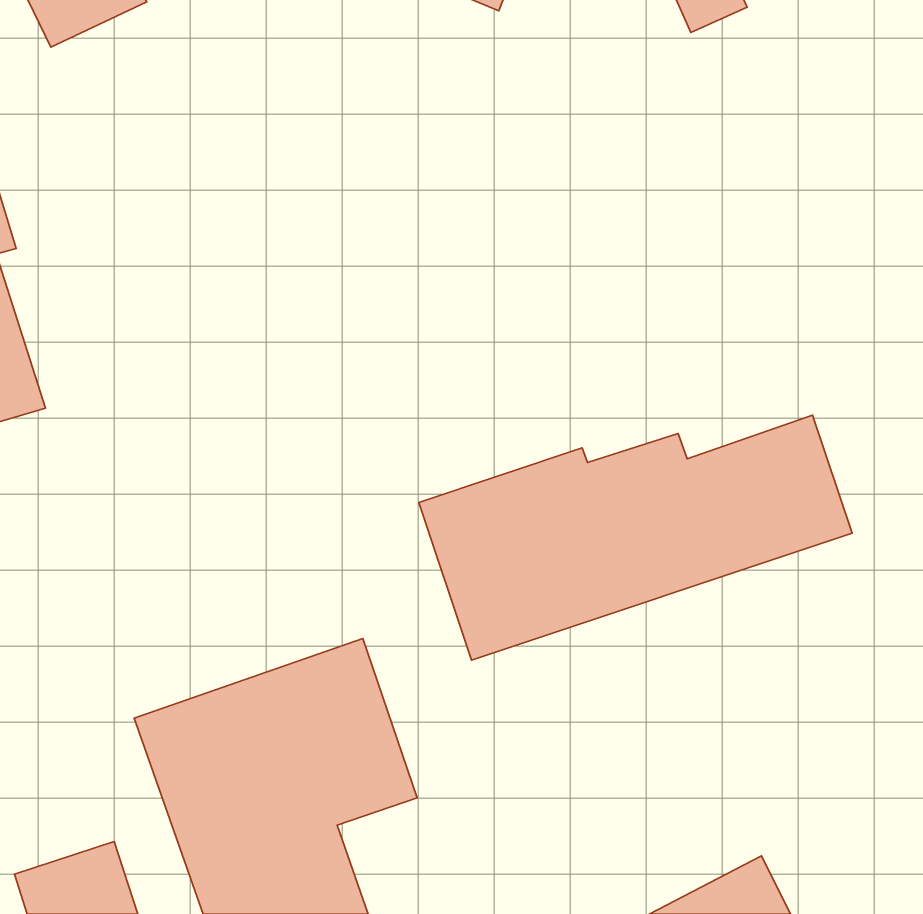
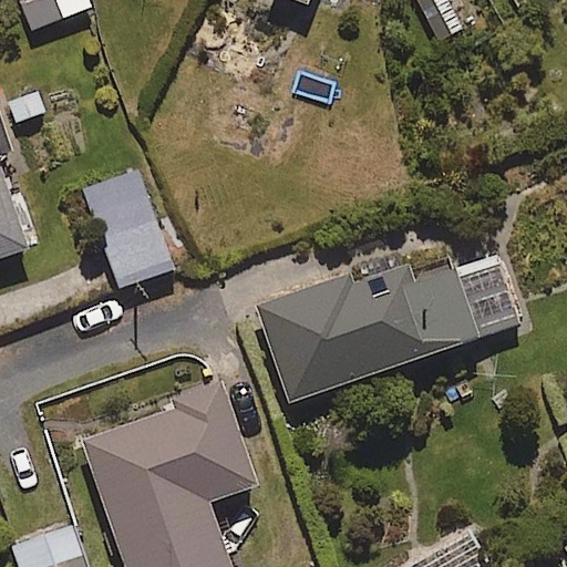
building: none -> [81,165,172,286]

